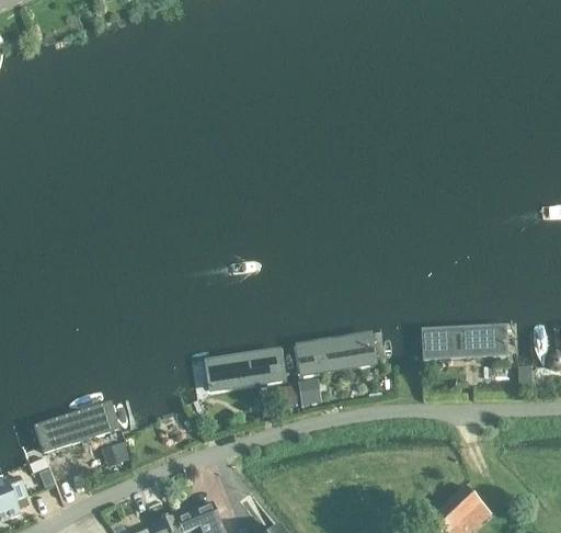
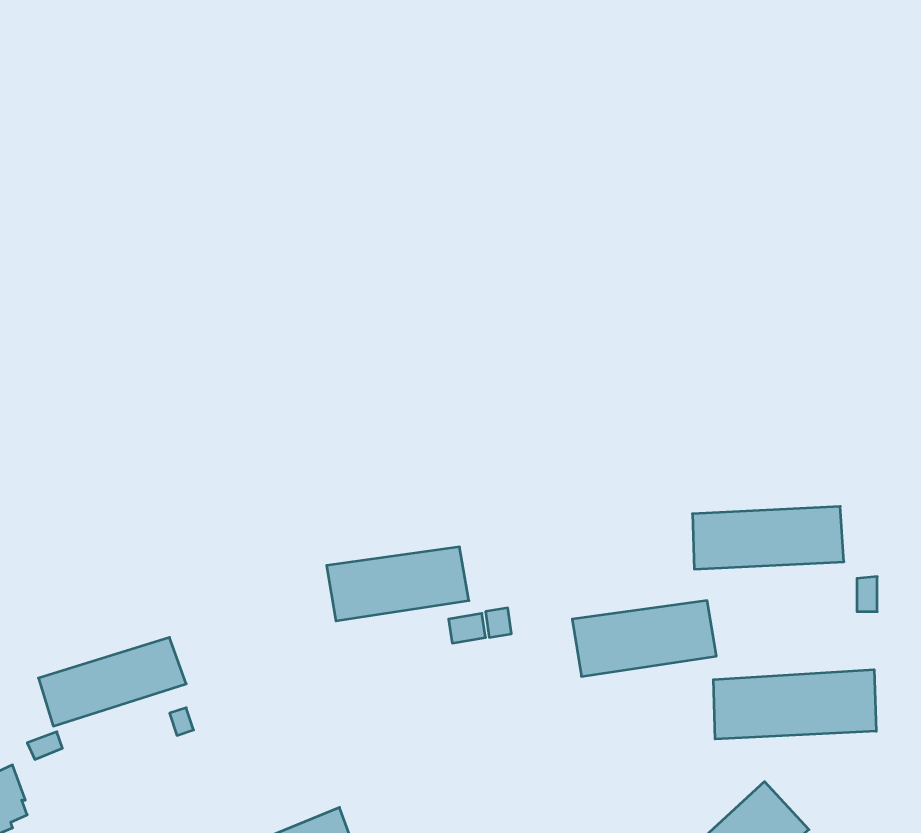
building: [294,331,379,376] -> [572,601,716,676]
building: none -> [713,670,876,739]

